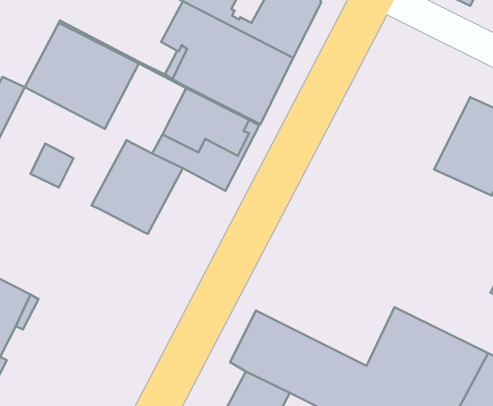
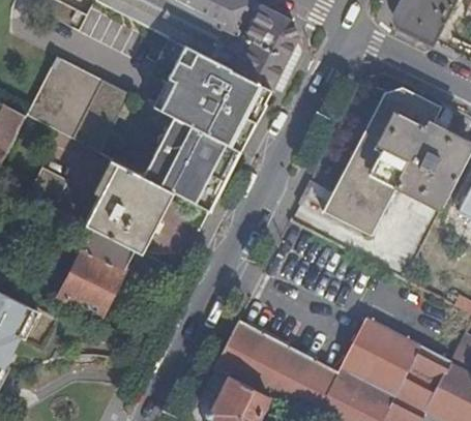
building: none -> [324,89,442,239]
building: none -> [59,228,135,317]

